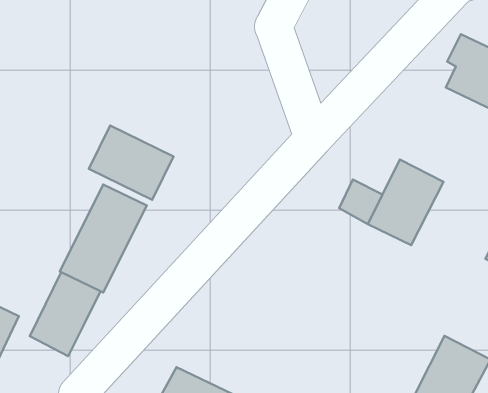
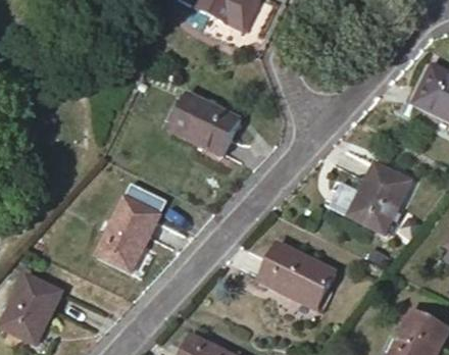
building: [89,125,173,200] -> [169,93,239,154]
building: none -> [257,242,335,305]
building: [30,272,101,356] -> none

